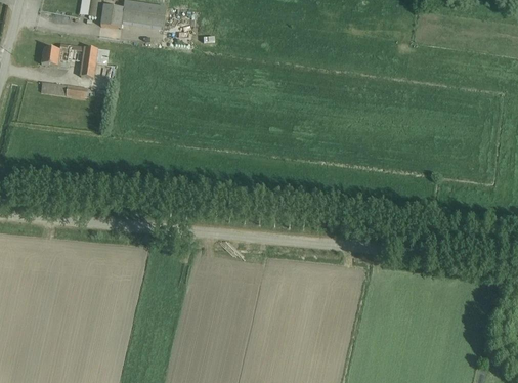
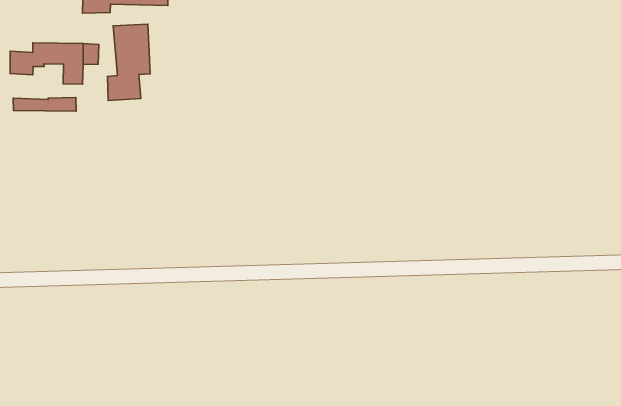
building: none -> [108,24,150,101]

